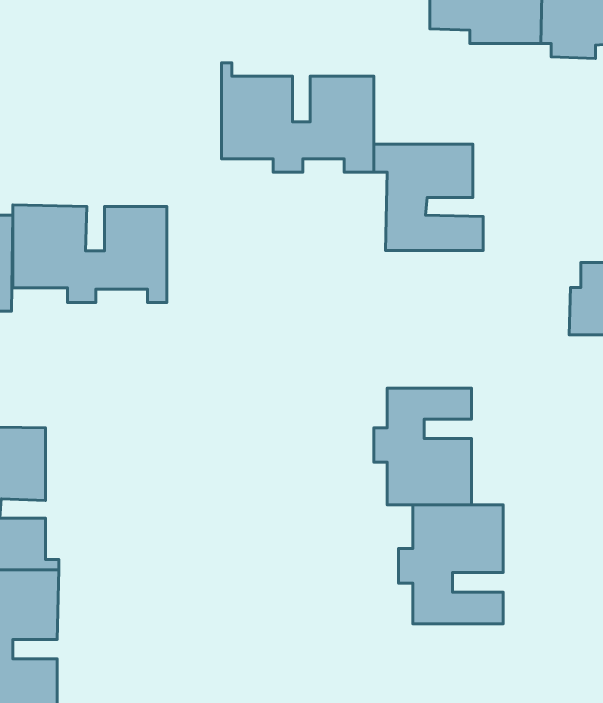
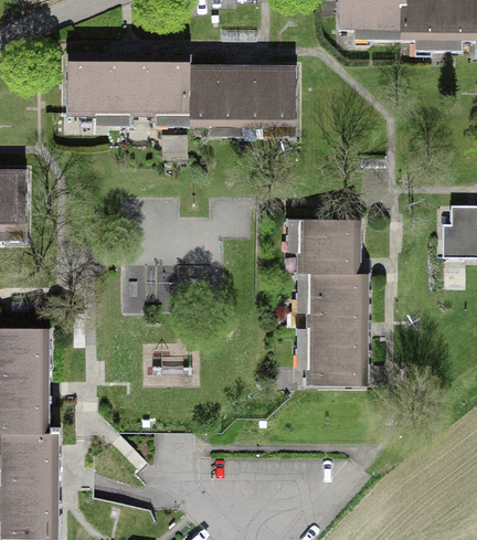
building: [374,144,483,251] -> [287,219,369,298]
building: [13,205,167,302] -> [67,54,182,127]
building: [398,505,503,624] -> none

